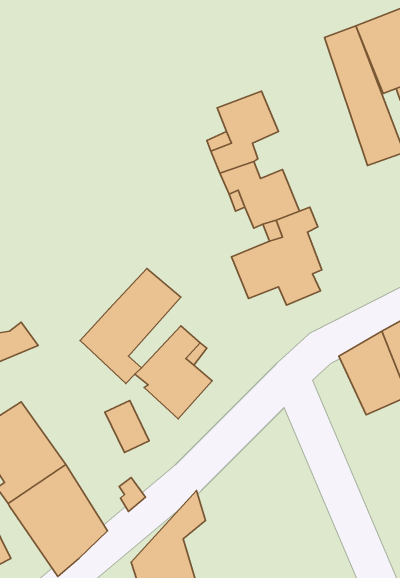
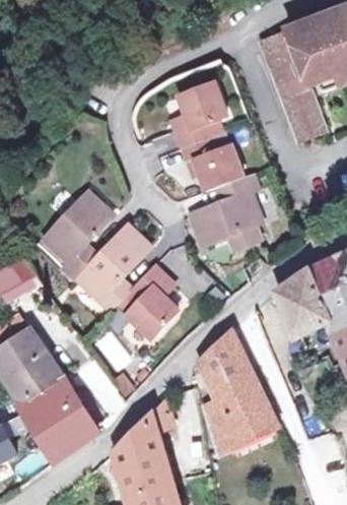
building: none -> [43,189,113,278]
building: none -> [197,328,272,449]

